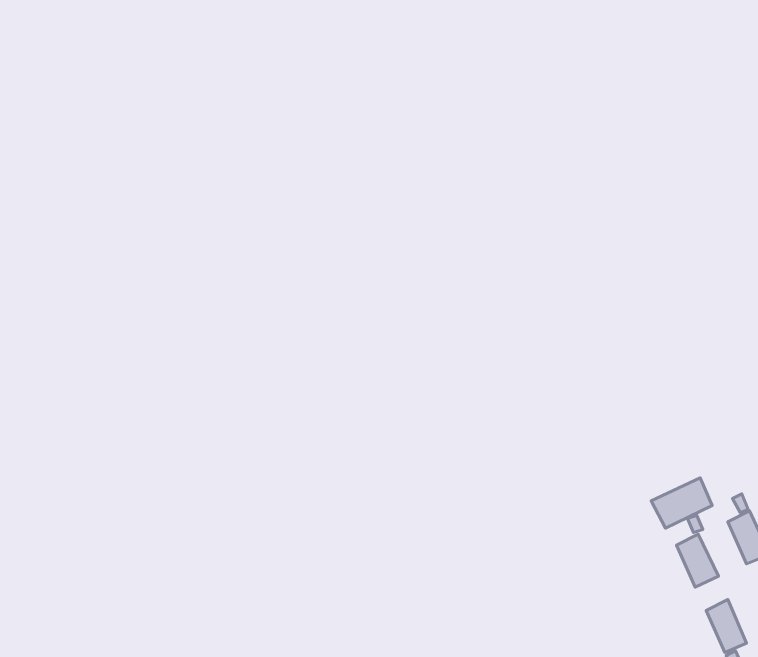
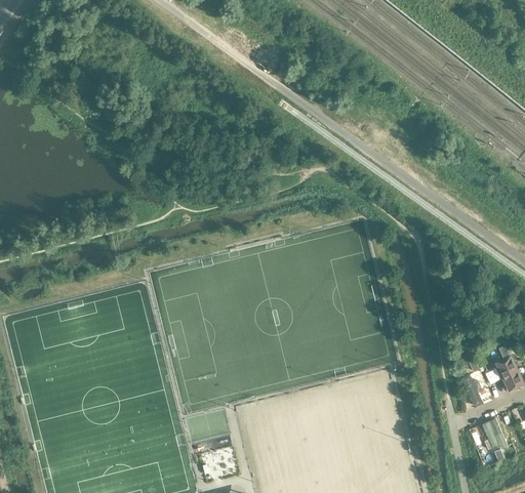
building: [651,478,712,528] -> none

